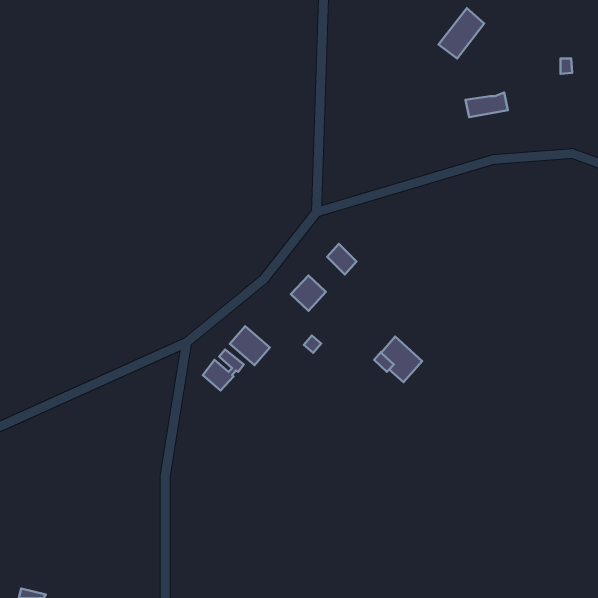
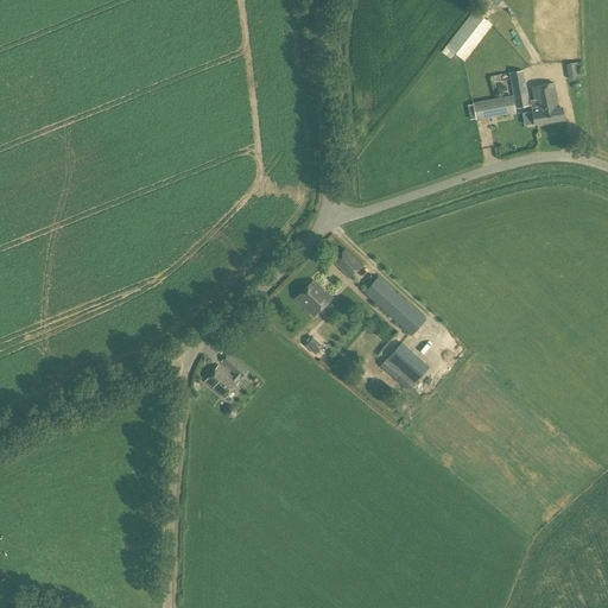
building: none -> [508,69,562,121]
building: none -> [363,276,424,334]
building: [230,326,270,365] -> none

